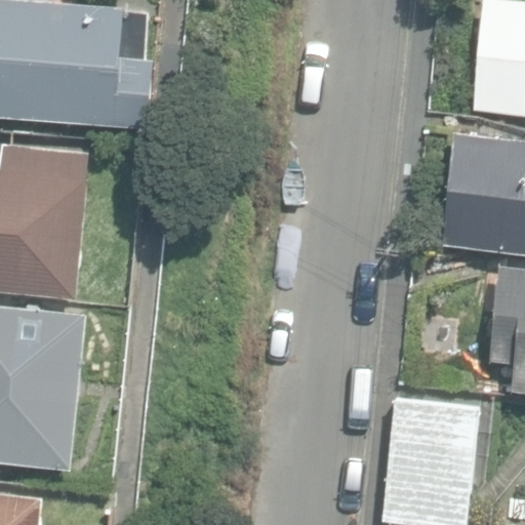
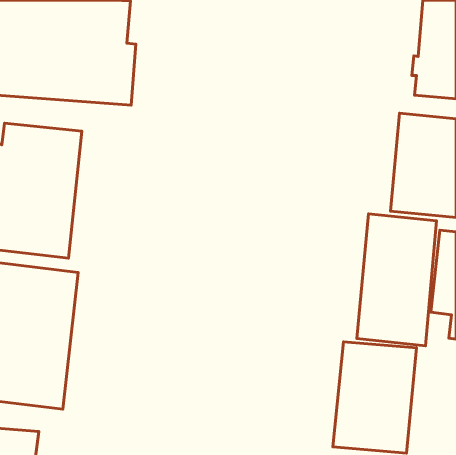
building: none -> [357,214,436,346]

